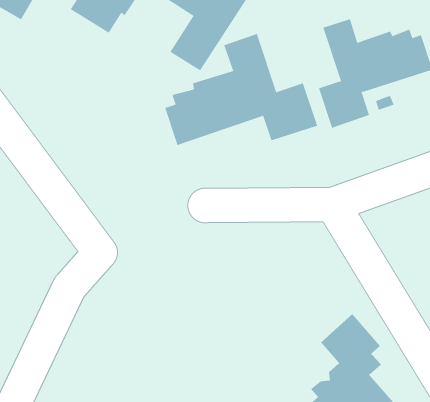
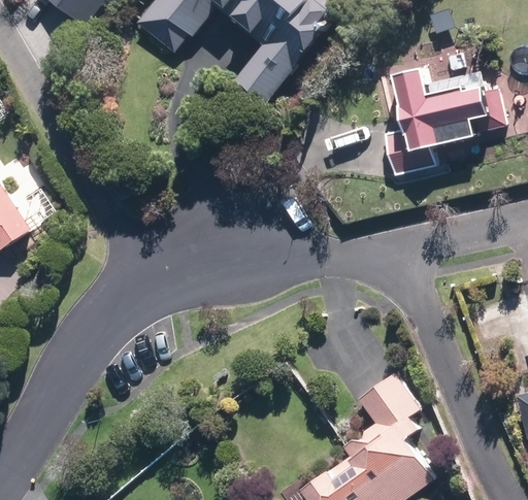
building: [164,33,318,146] -> none

